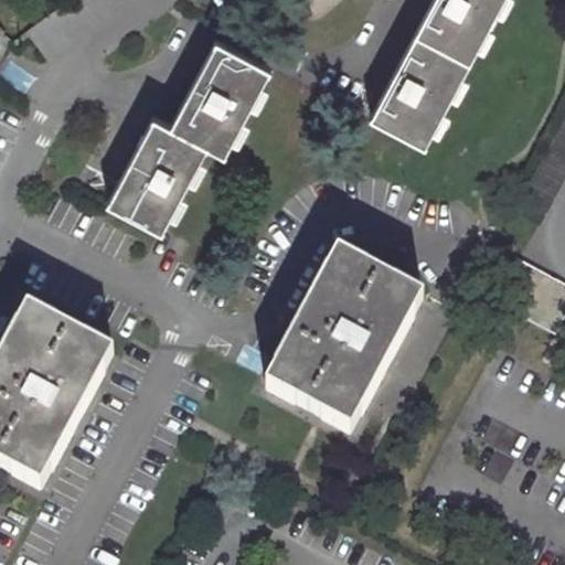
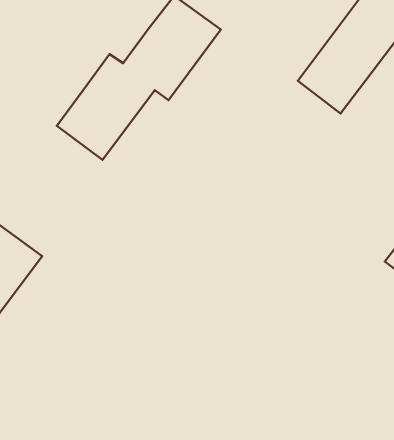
building: [265,242,424,422] -> none

